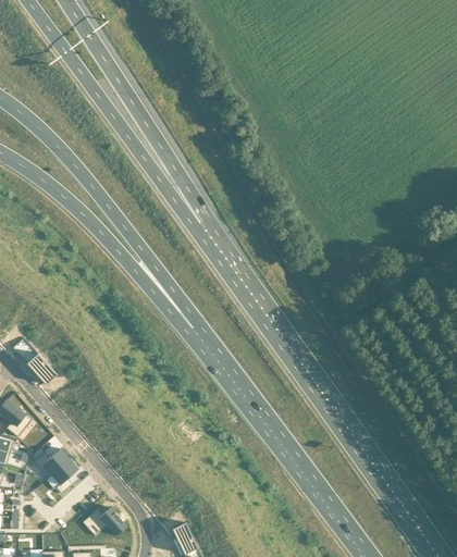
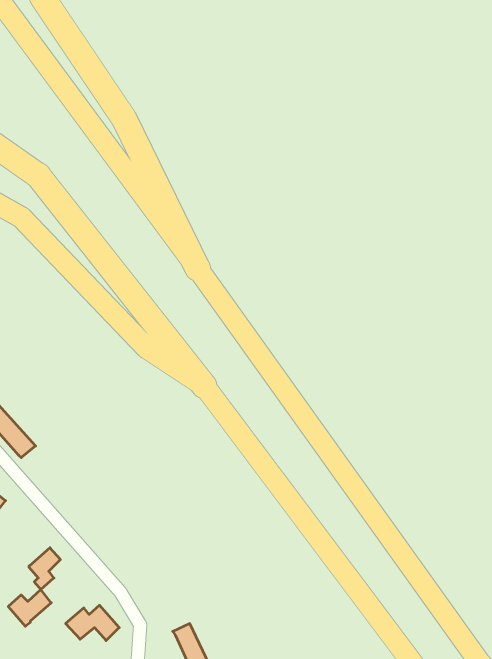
building: [33,447,69,478] -> [8,590,51,626]

